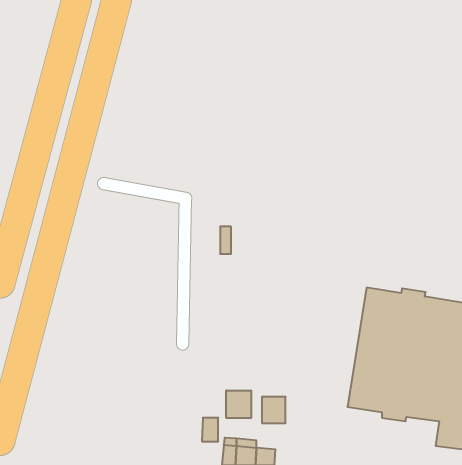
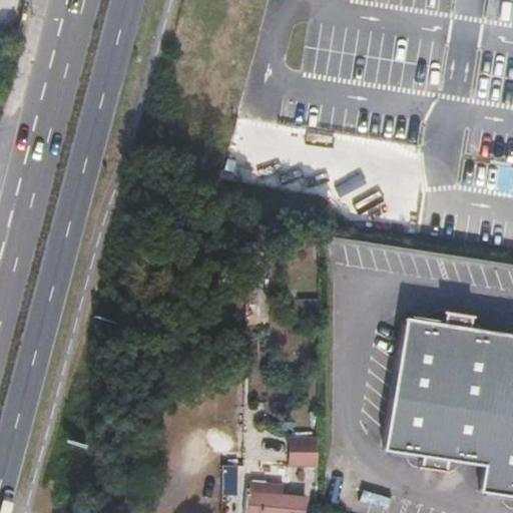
building: [226,390,251,418] -> none

